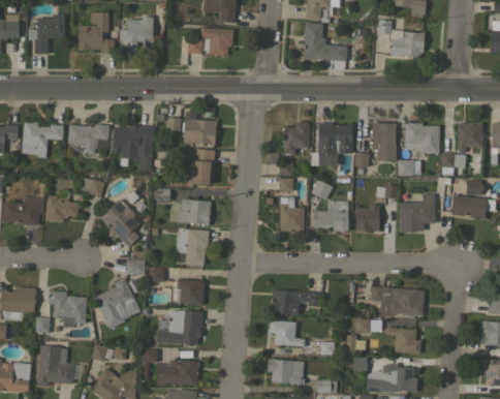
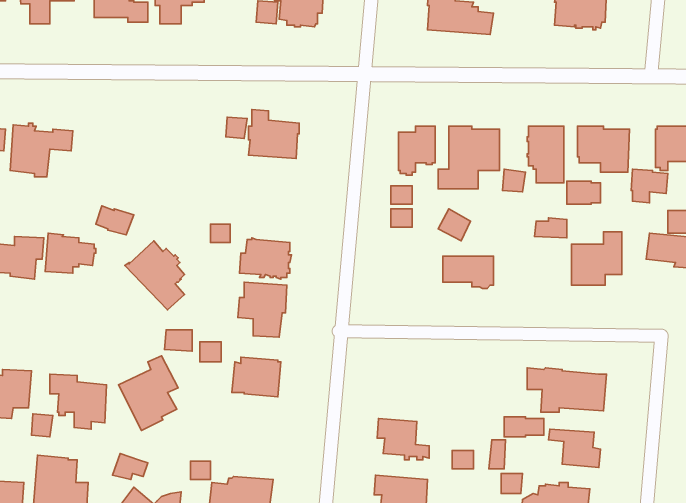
building: [68,124,110,154] -> none
building: [113,125,154,172] -> none
building: [185,149,215,185] -> none
building: [280,197,305,232] -> none
building: [355,205,380,232] -> none
building: [271,290,322,315] -> none
building: [157,310,202,345] -> none

